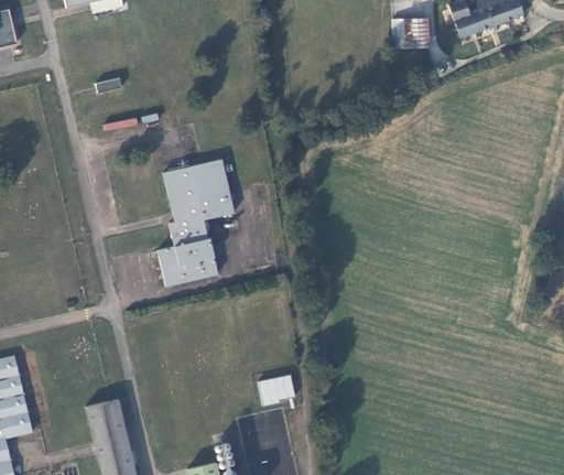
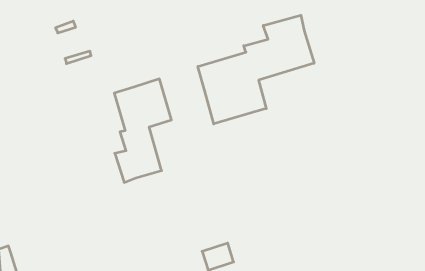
building: none -> [198,15,314,124]

